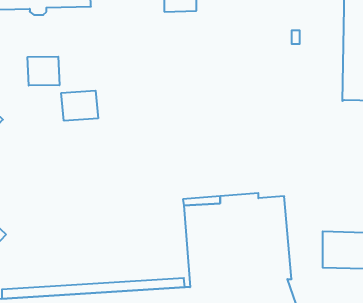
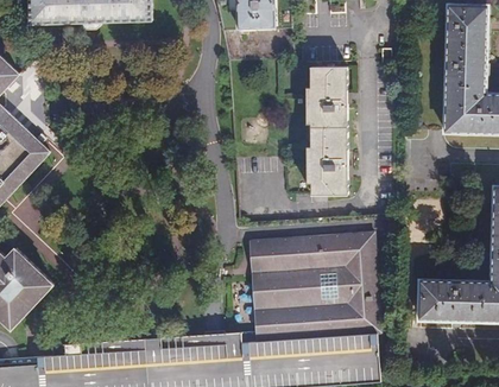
building: none -> [309,66,346,194]
building: [28,57,59,86] -> none
building: [61,91,98,121] -> none

